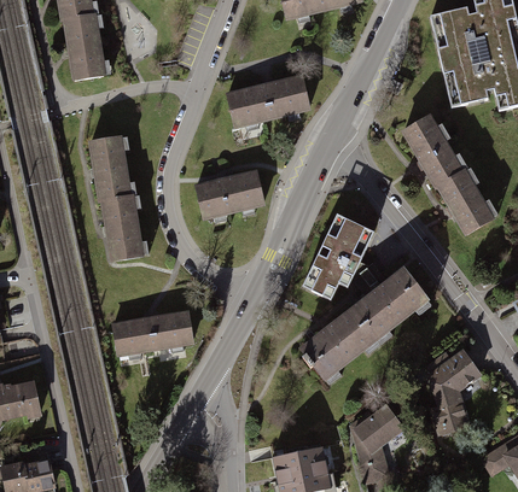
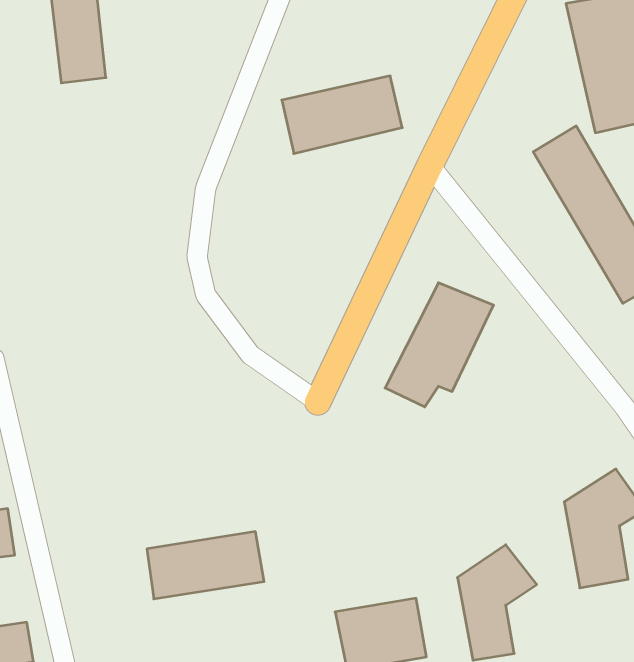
building: [91,134,142,259] -> none
building: [194,169,264,219] -> none
building: [297,263,431,381] -> none
building: [112,309,194,356] -> [147,532,264,599]

